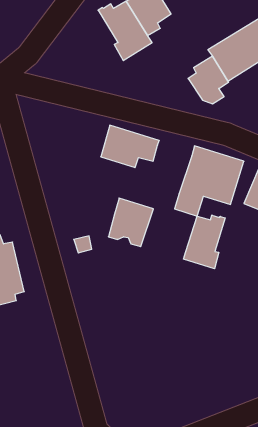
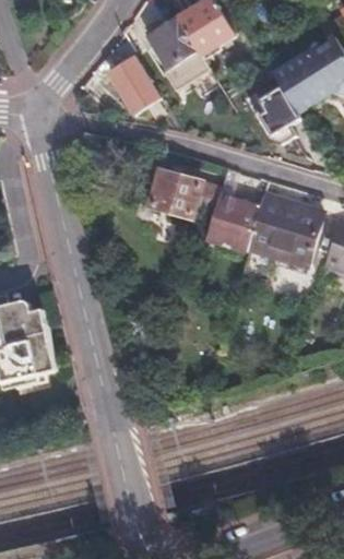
building: none -> [111,58,155,107]
building: [108,198,153,247] -> [202,192,257,251]
building: [183,215,225,269] -> none

